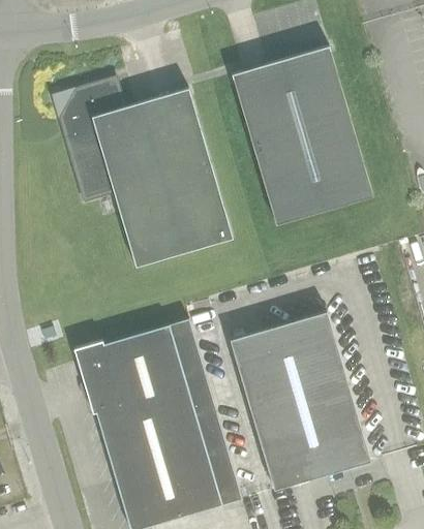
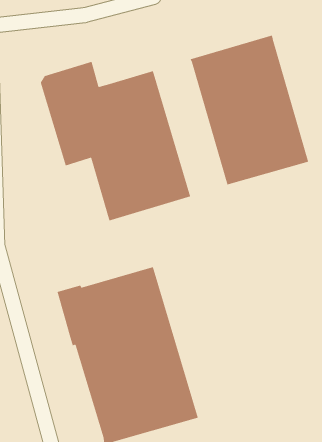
building: [230,311,370,490] -> none

